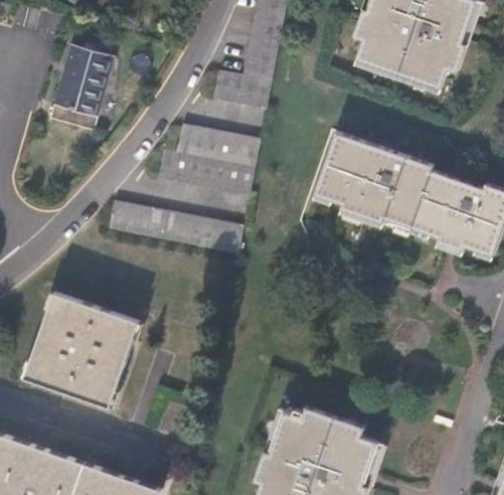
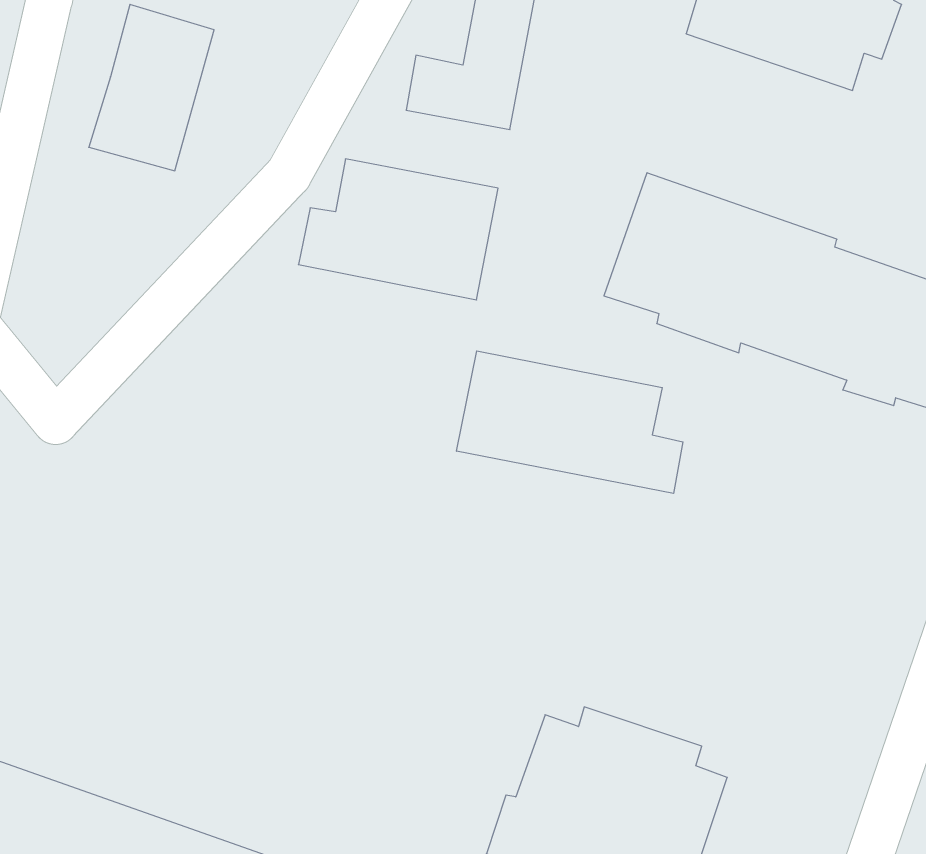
building: [108,200,242,254] -> none
building: none -> [457,351,683,493]
building: [23,291,139,407] -> none

